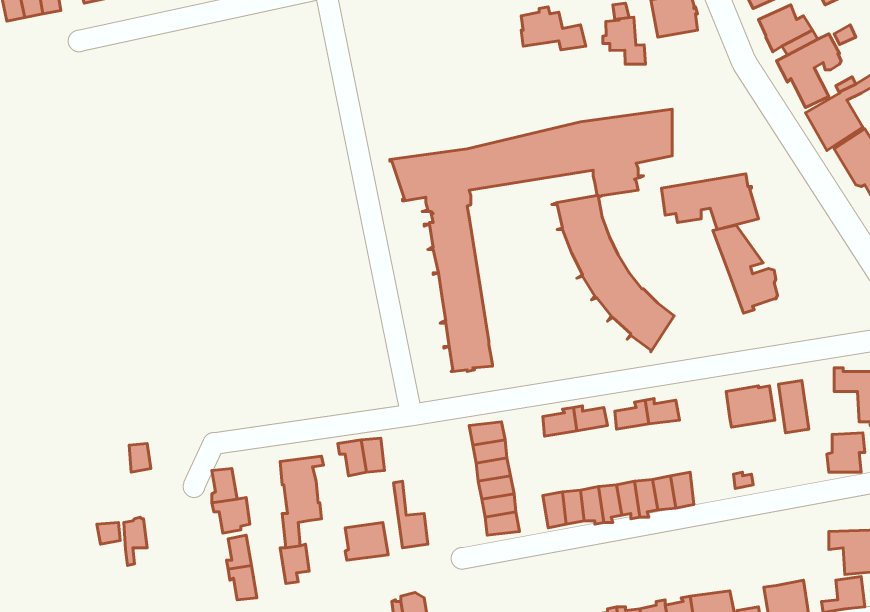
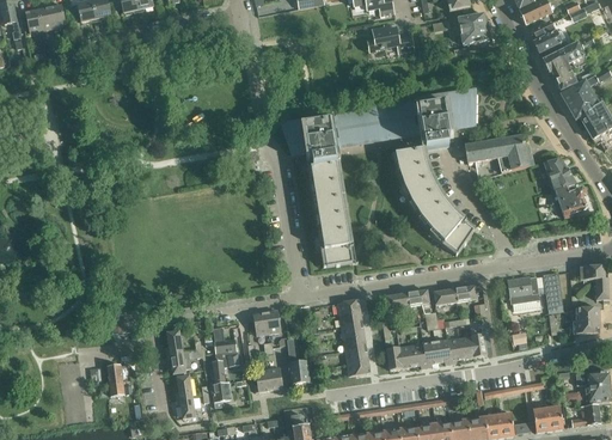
building: [603,17,646,64] -> none
building: [713,225,778,313] -> [544,158,587,216]

